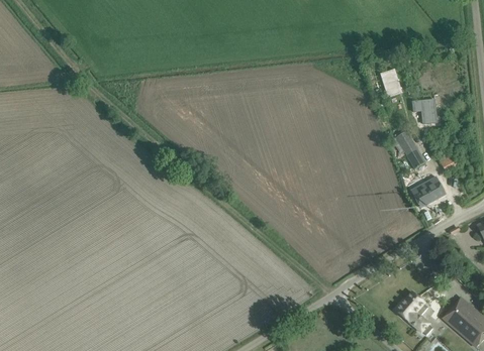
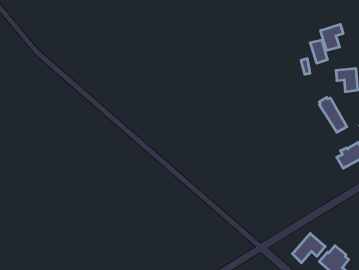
building: none -> [321,24,343,50]
building: none -> [292,233,325,263]

